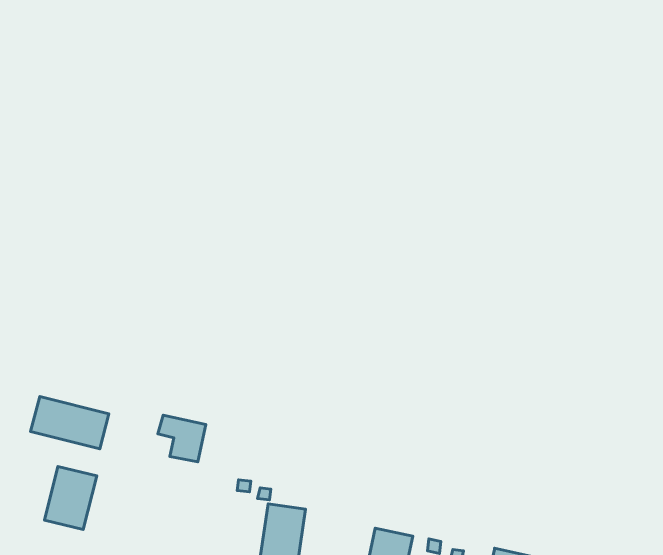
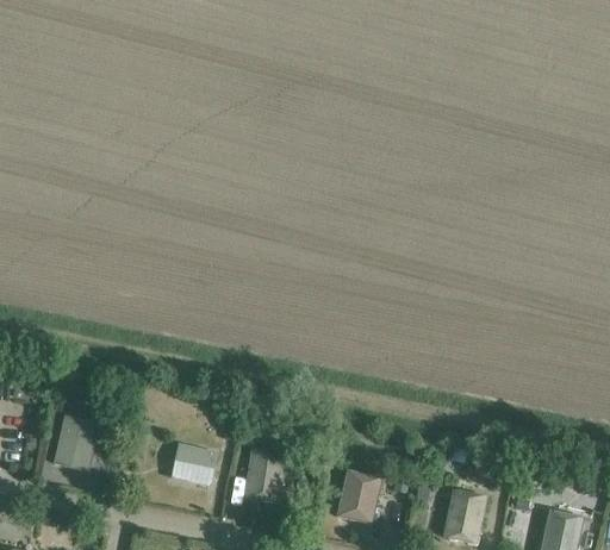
building: [31,396,109,449] -> none
building: [158,415,206,462] -> [174,444,217,486]

